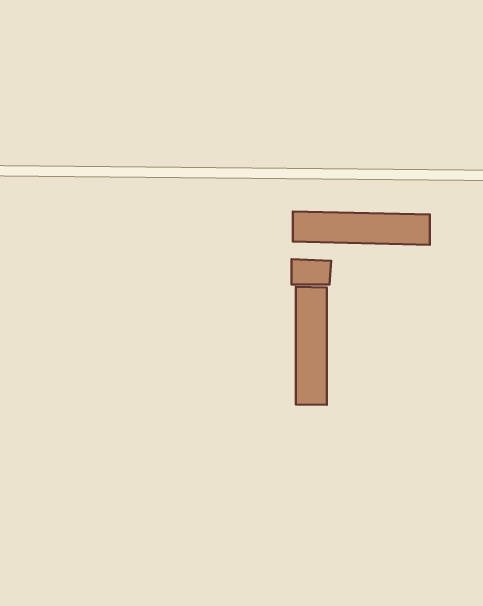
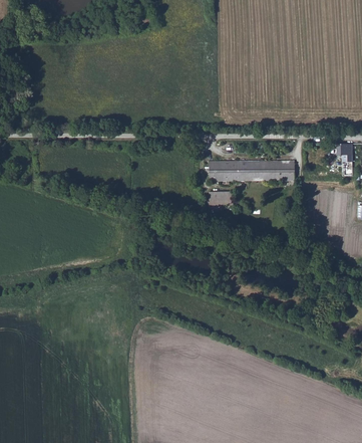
building: [296,287,327,405] -> none

